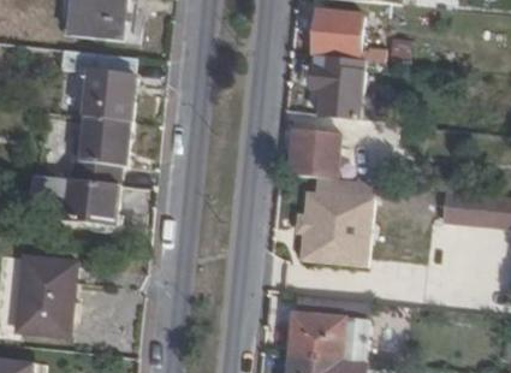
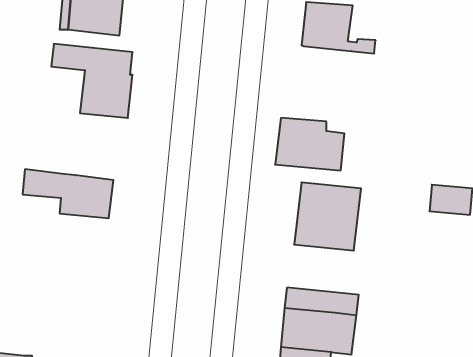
building: [305,54,391,123] -> none
building: [83,122,136,189] -> none
building: [20,264,76,337] -> none

